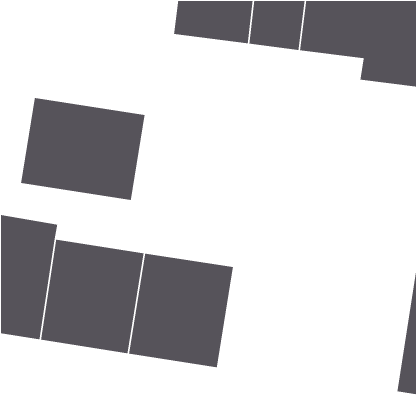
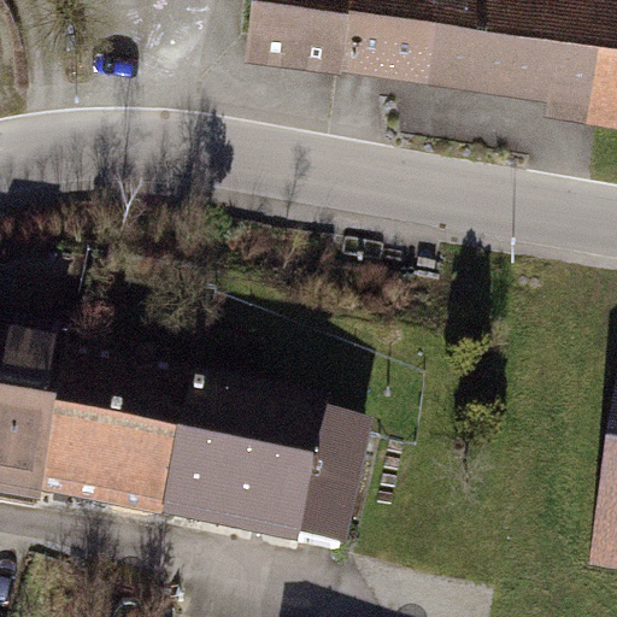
building: [20,97,145,201] -> none

